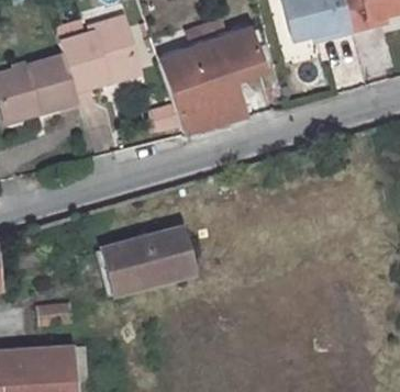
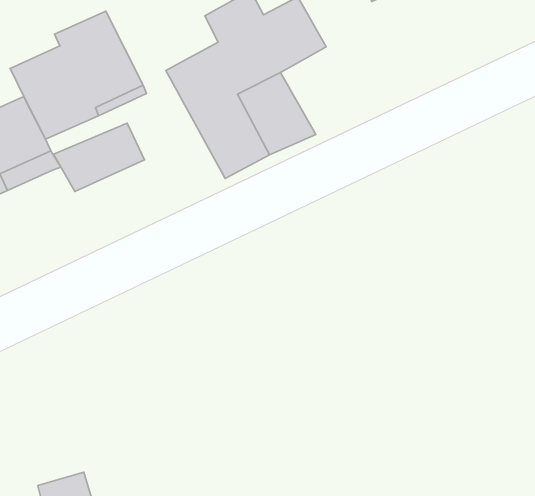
building: none -> [53,123,144,191]
building: [102,225,197,293] -> none

